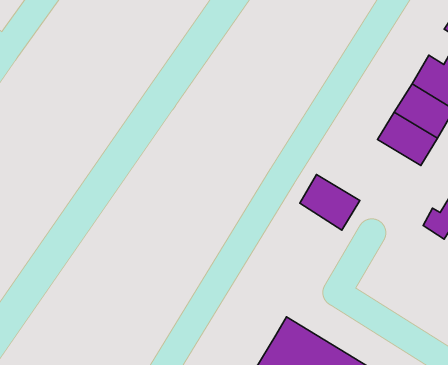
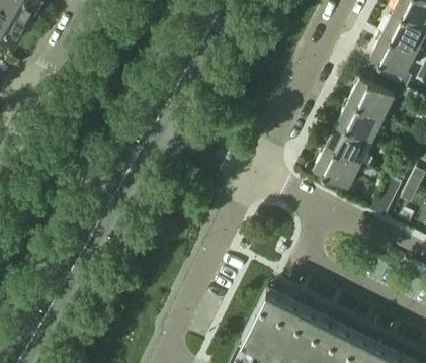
building: [300,175,360,230] -> [314,147,360,188]

